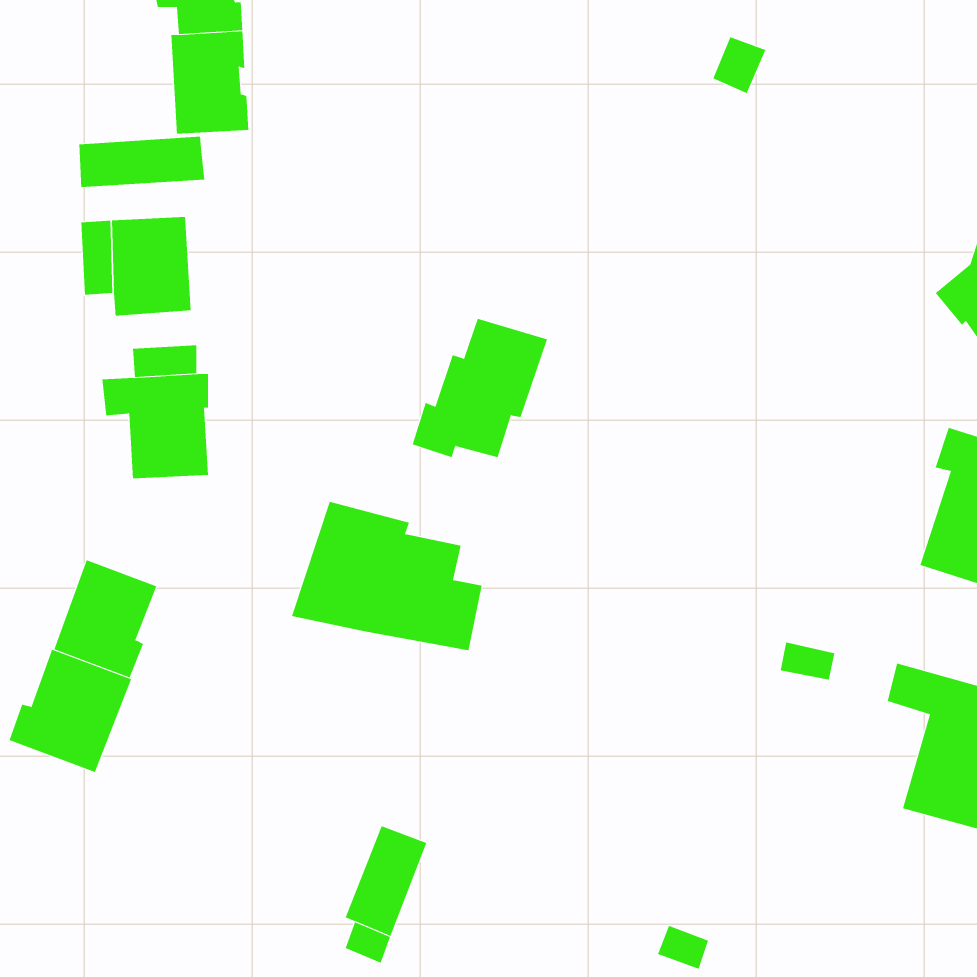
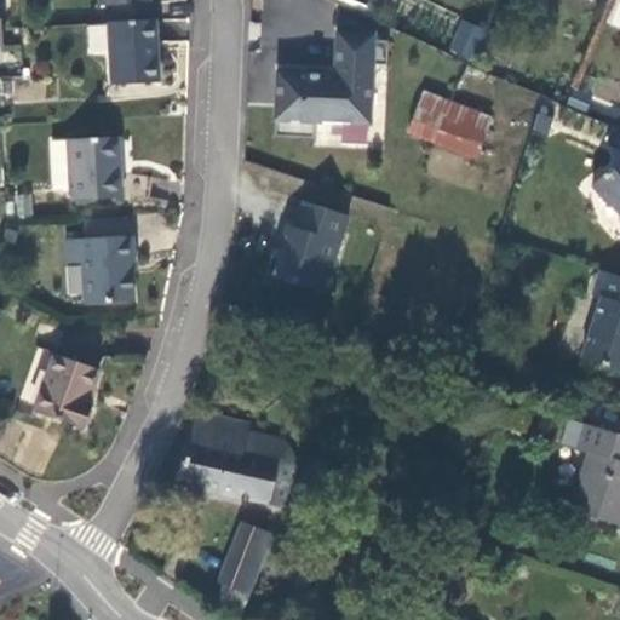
building: none -> [274,33,388,137]
building: [79,136,205,188] -> none
building: none -> [409,92,492,157]
building: [291,501,483,651] -> [174,411,295,505]
building: [9,649,132,773] -> none

